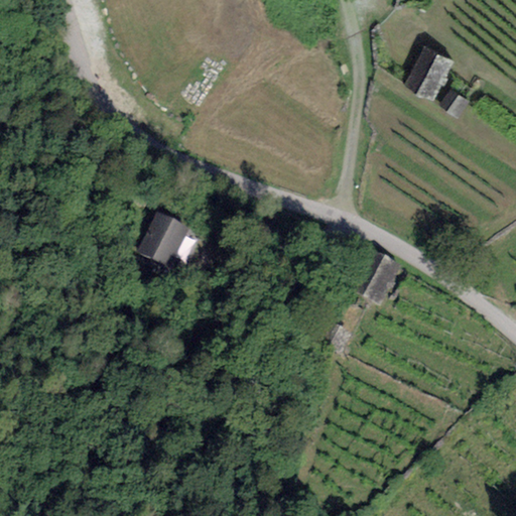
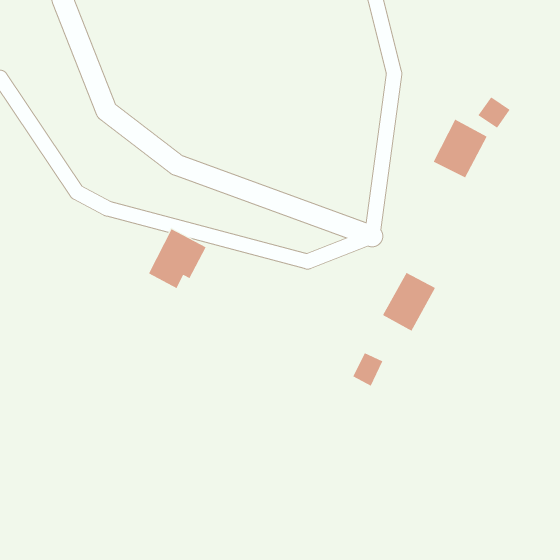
building: [404,46,455,101] -> [433,119,488,178]

